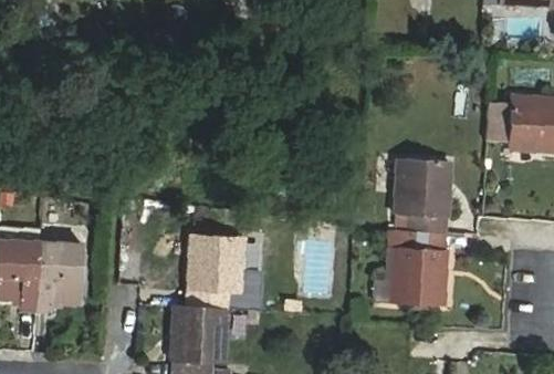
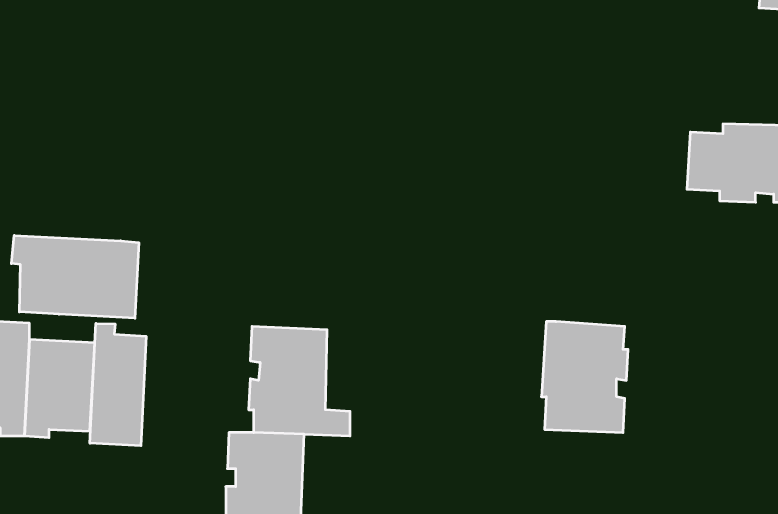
building: [396,157,450,232] -> none
building: none -> [11,235,139,318]
building: none -> [90,323,146,446]

